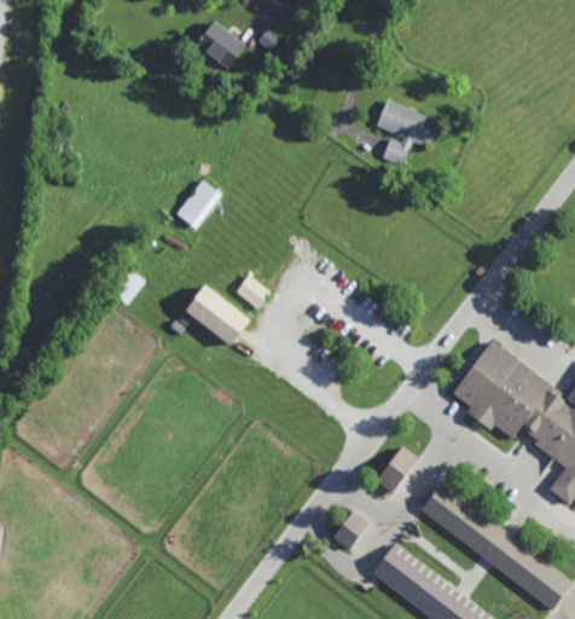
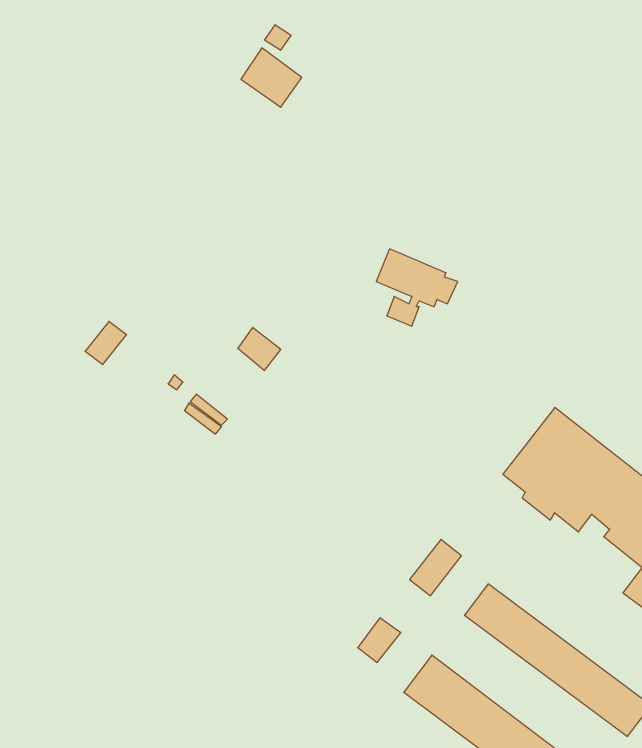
building: [196,18,245,66] -> [241,48,302,107]
building: [373,99,440,162] -> [376,249,458,326]
building: [175,179,220,228] -> none
building: [185,287,250,347] -> none

